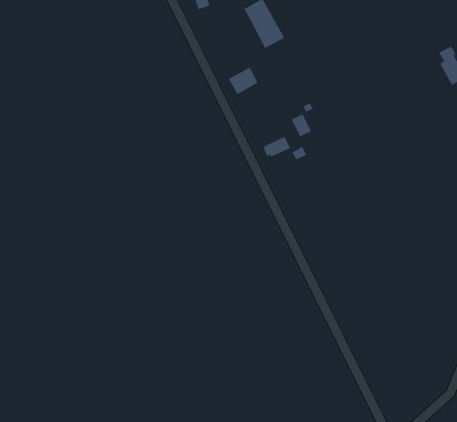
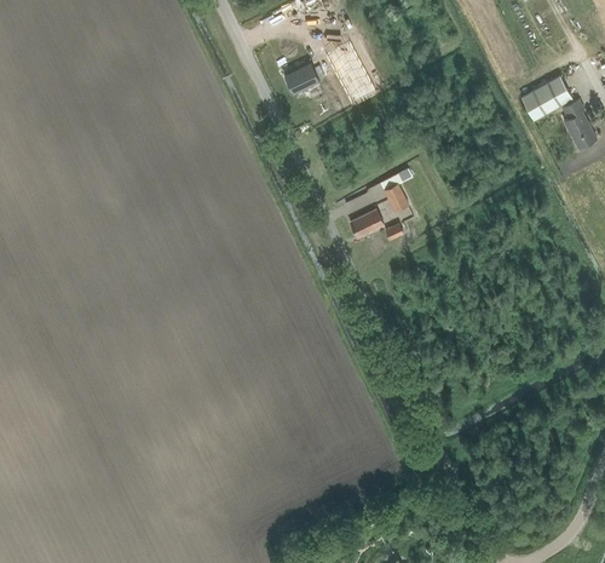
building: none -> [522,75,572,120]
building: [228,67,258,95] -> [283,62,319,96]

